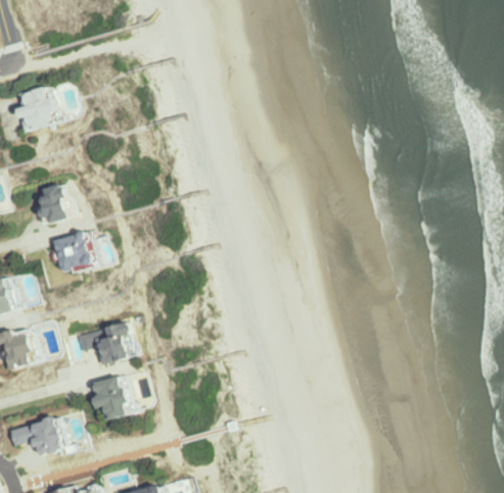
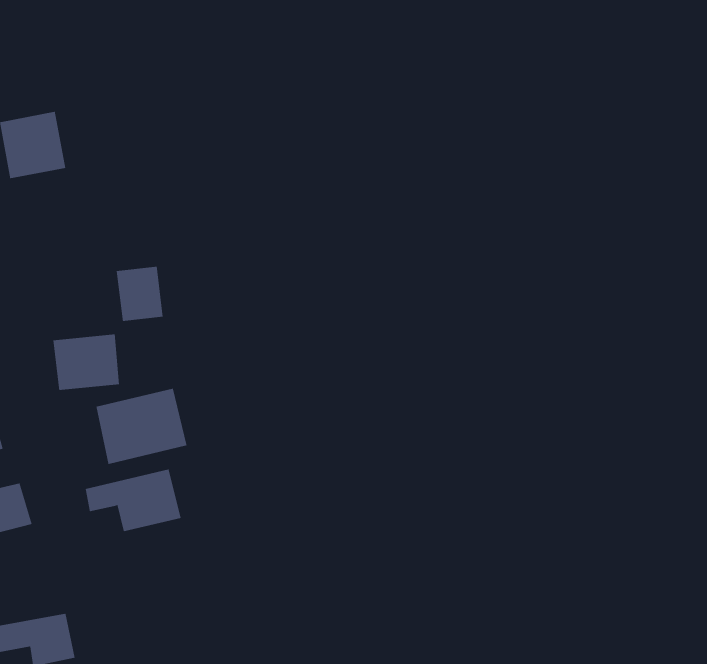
building: [39,185,71,221] -> [116,266,164,321]
building: none -> [96,388,187,465]
building: [90,375,132,421] -> none

